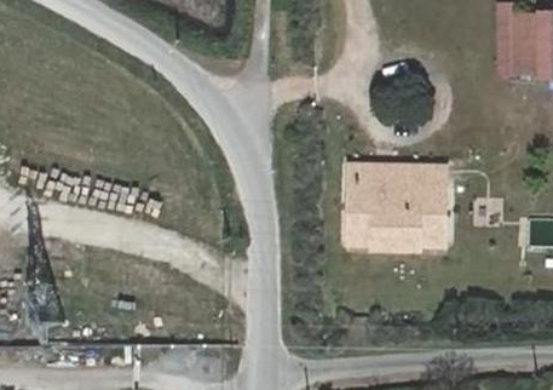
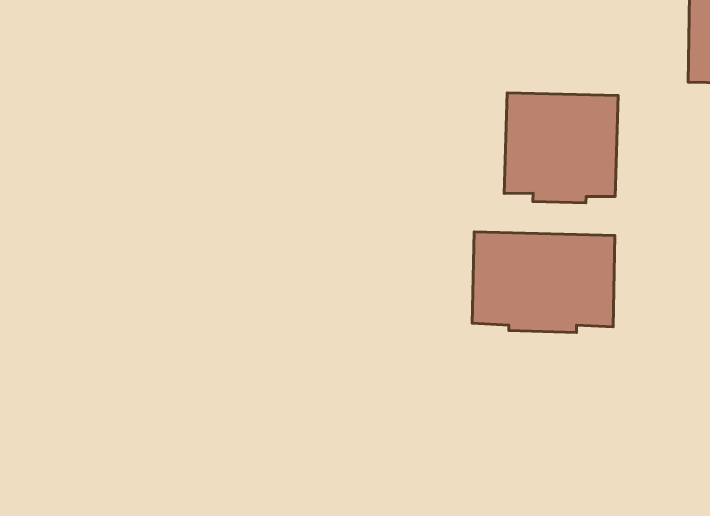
building: none -> [504,93,618,203]

